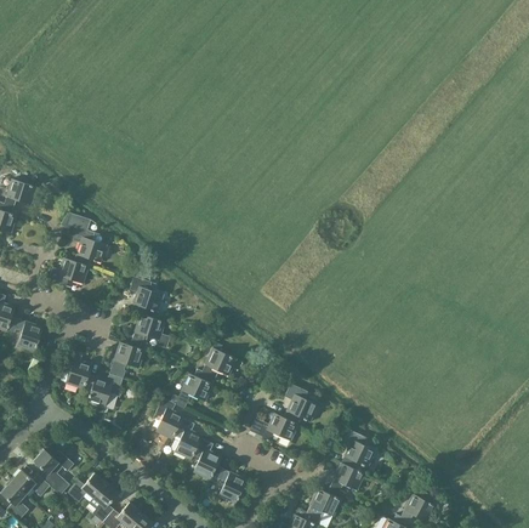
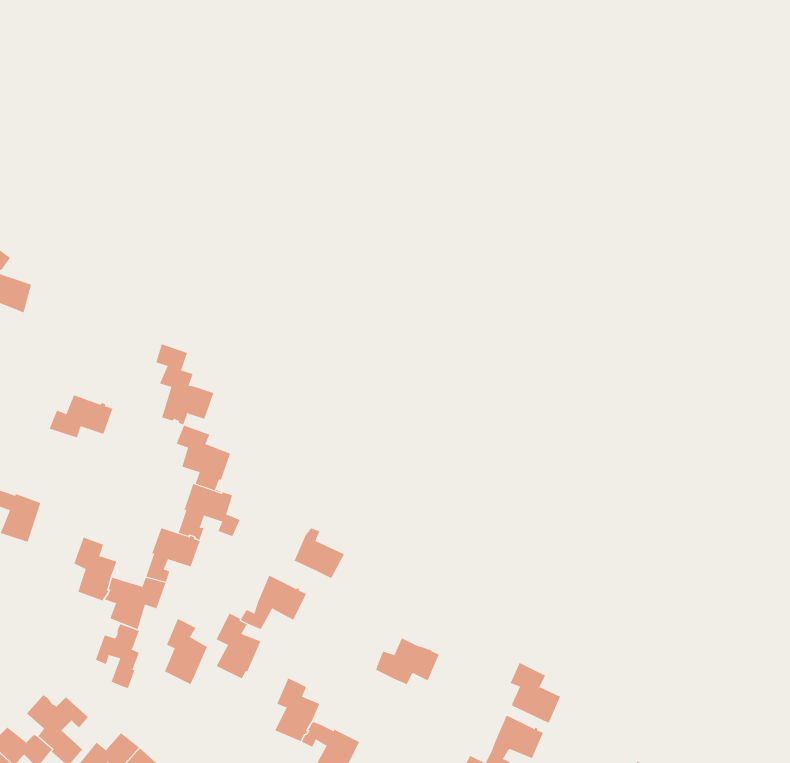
building: [69,214,107,266] -> [155,343,214,425]
building: [283,384,318,424] -> none
building: none -> [95,623,140,689]
building: [174,418,201,460] -> [164,618,208,685]

